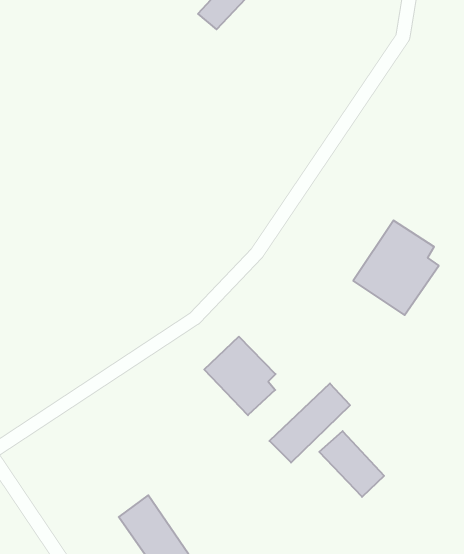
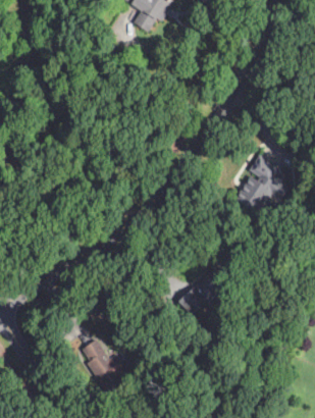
building: [204,337,276,415] -> none
building: [319,431,384,497] -> none

